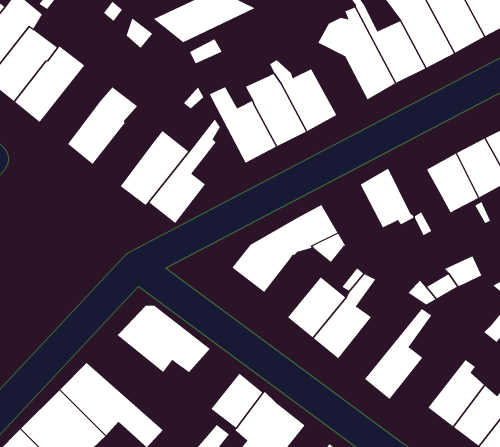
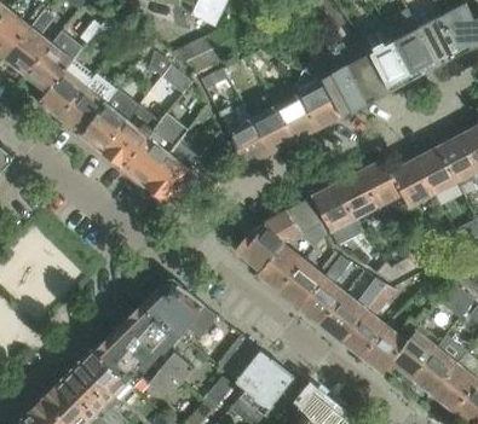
building: none -> [294,71,342,129]
building: none -> [80,88,138,152]
building: none -> [122,112,186,186]
building: none -> [359,159,402,208]
building: none -> [312,185,362,245]
building: none -> [257,242,305,291]
building: none -> [319,278,386,341]
building: none -> [117,304,194,382]
building: none -> [361,308,428,374]

